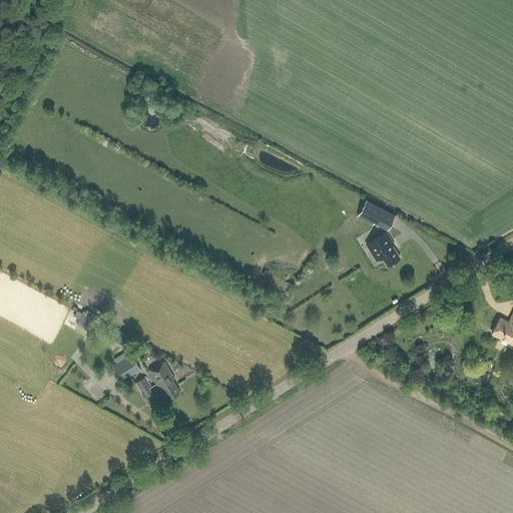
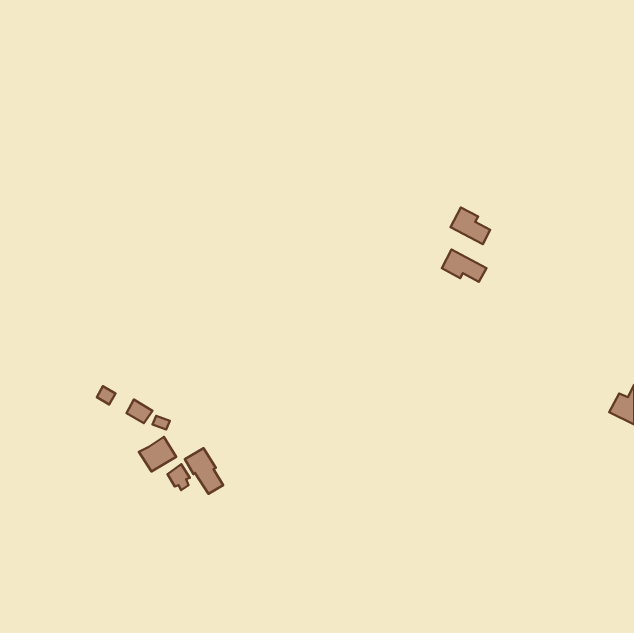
building: none -> [450,207,490,244]
building: [365,231,399,266] -> none

